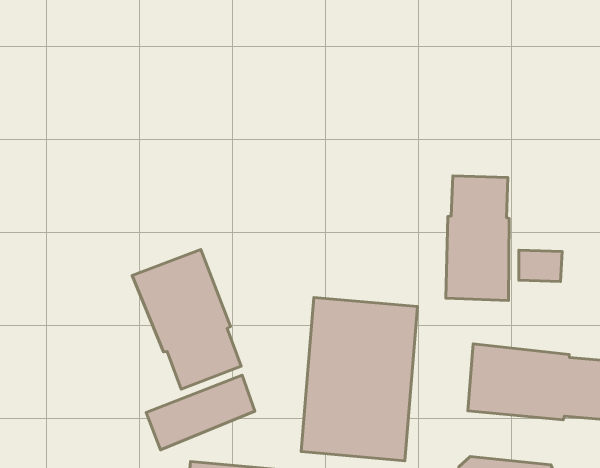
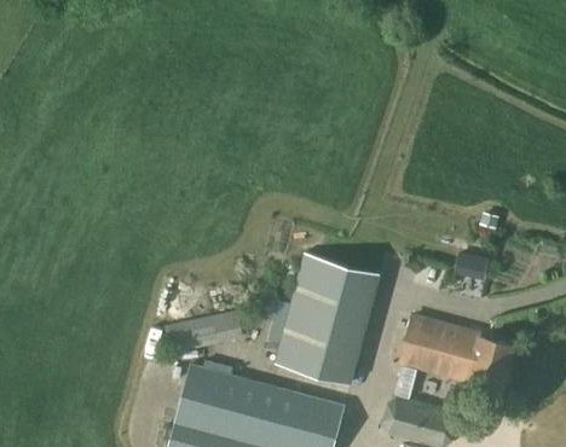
building: [446,176,509,301] -> none
building: [132,249,241,389] -> none

